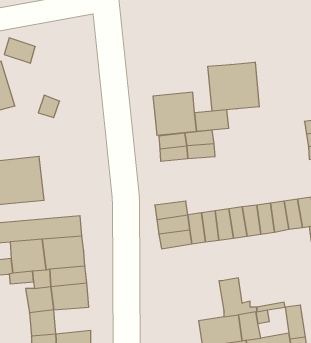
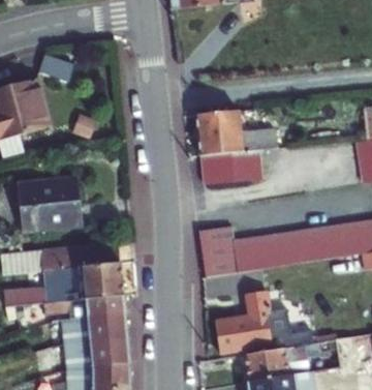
building: [208,62,259,111] -> none
building: none -> [215,290,271,351]
building: none -> [90,338,129,367]

